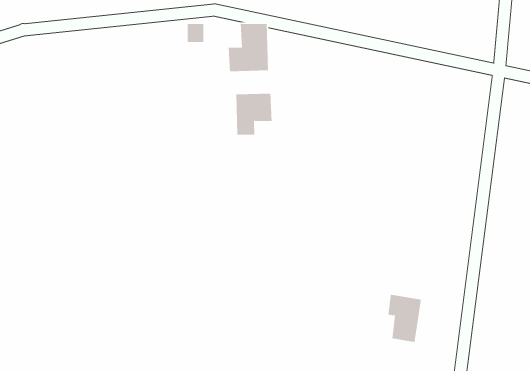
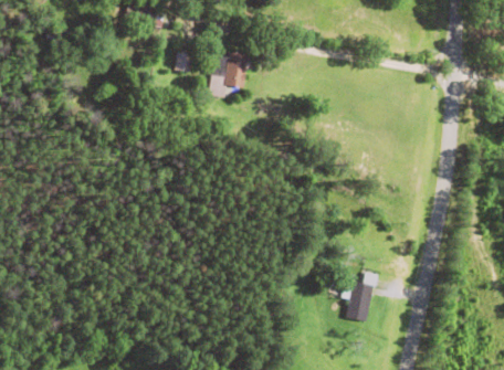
building: [235,93,273,135] -> none

